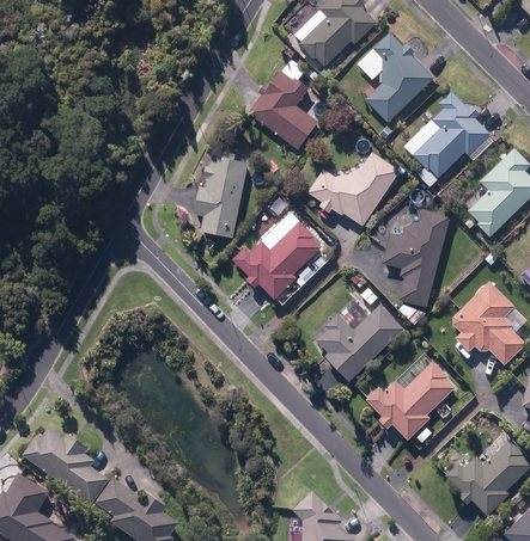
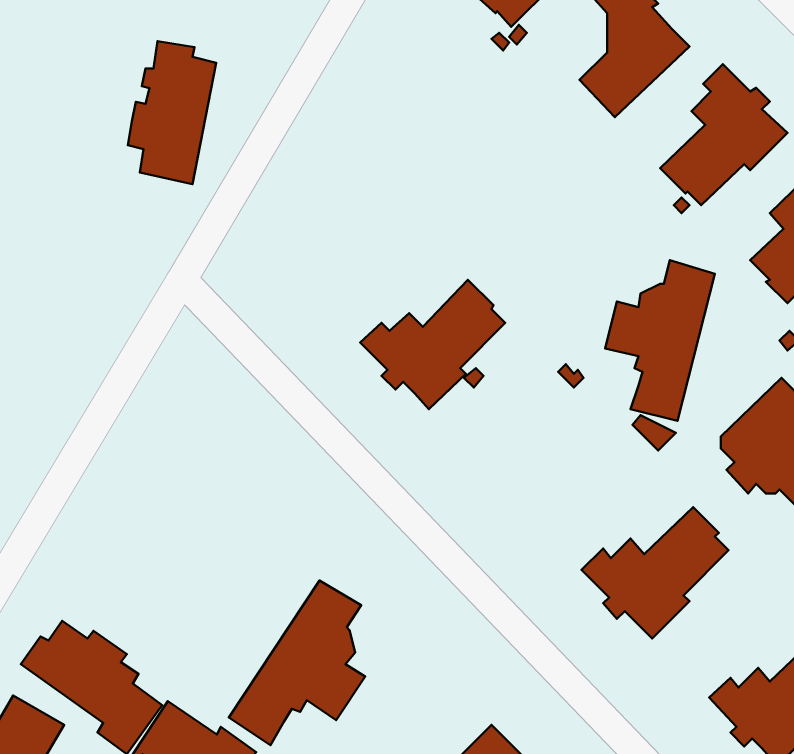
building: [250,69,319,148] -> none
building: [193,149,246,236] -> [128,41,216,184]
building: [306,153,397,225] -> none
building: [317,303,404,380] -> none
building: none -> [229,581,365,745]

